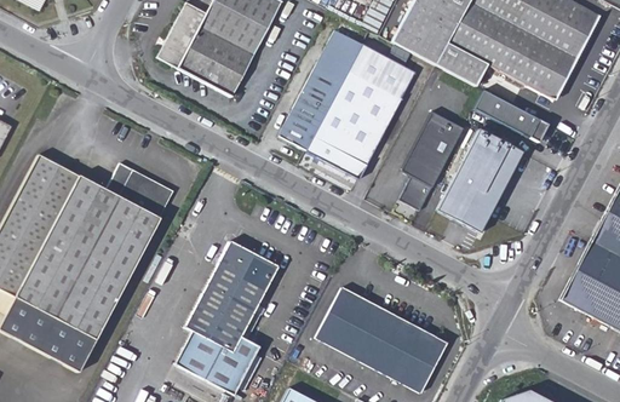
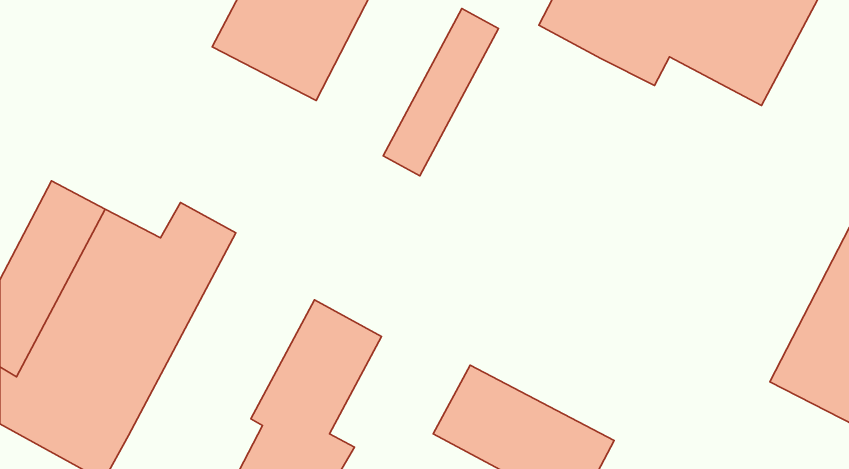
building: [306,44,415,178] -> none
building: [472,88,547,142] -> none
building: [400,111,464,209] -> none
building: [438,130,522,230] -> none

